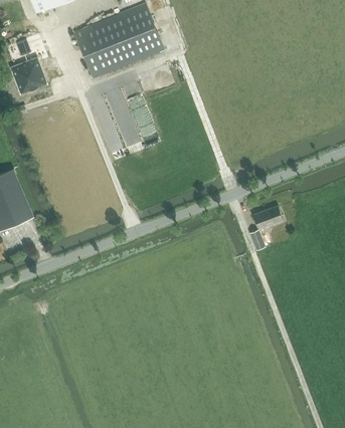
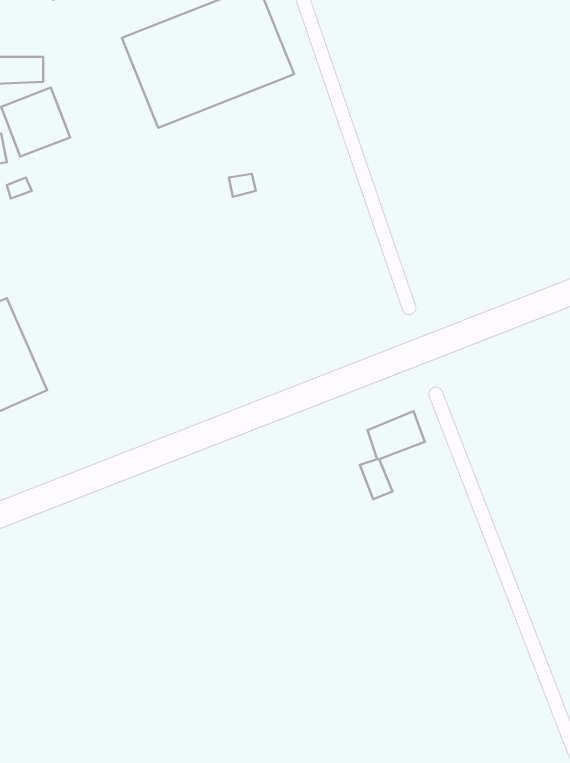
building: [248,204,283,250] -> [360,411,425,499]

